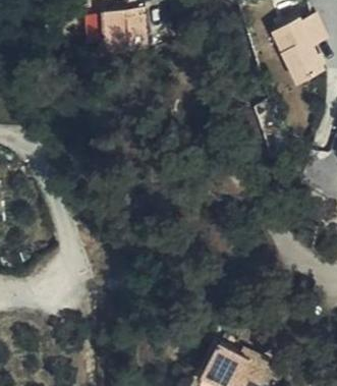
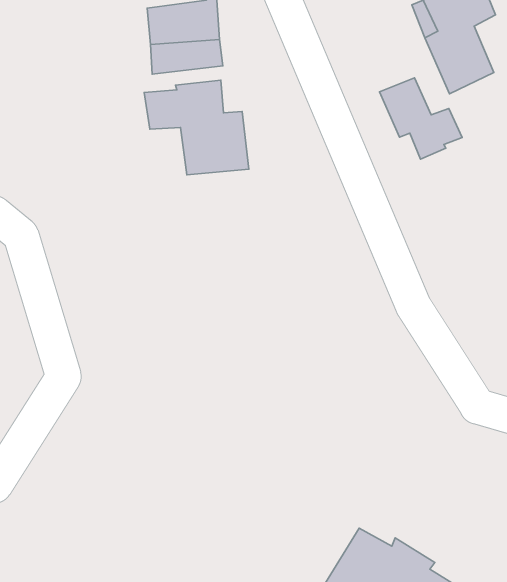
building: none -> [379,78,462,159]
building: none -> [144,80,249,175]

